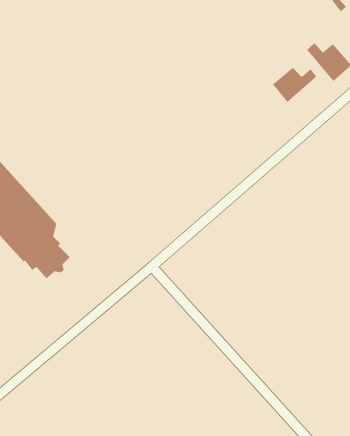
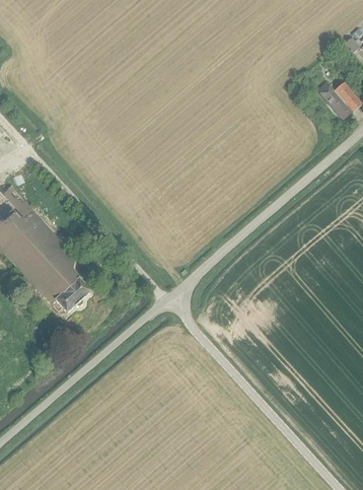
building: [272,67,317,103] -> none

